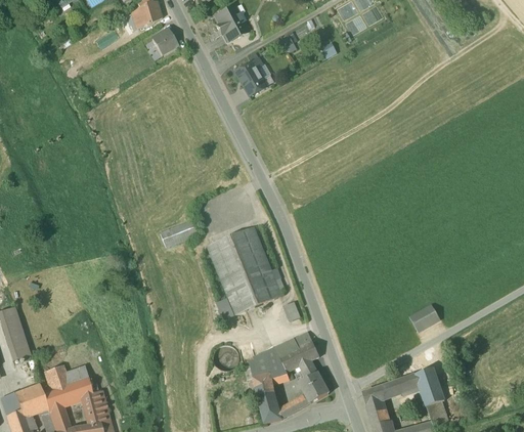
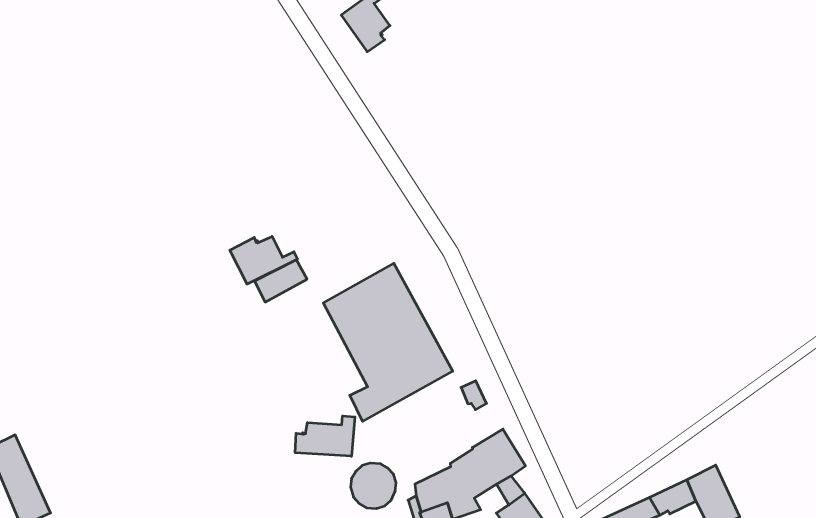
building: none -> [230,236,297,284]
building: [409,304,439,331] -> none
building: none -> [295,416,355,456]

